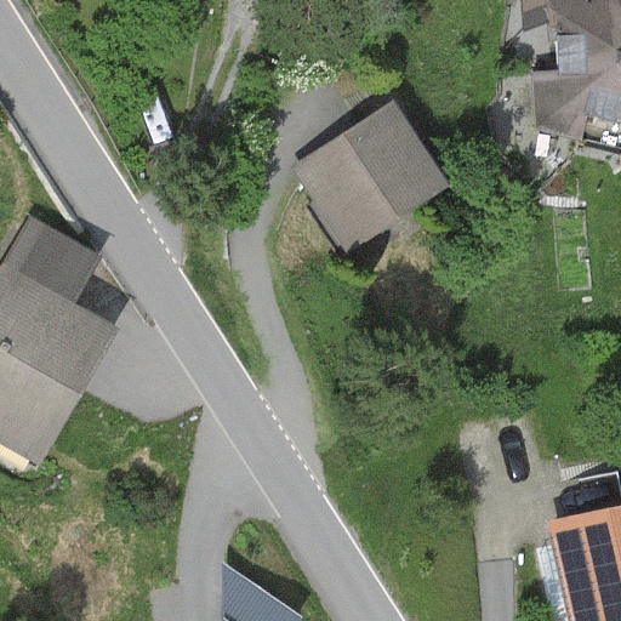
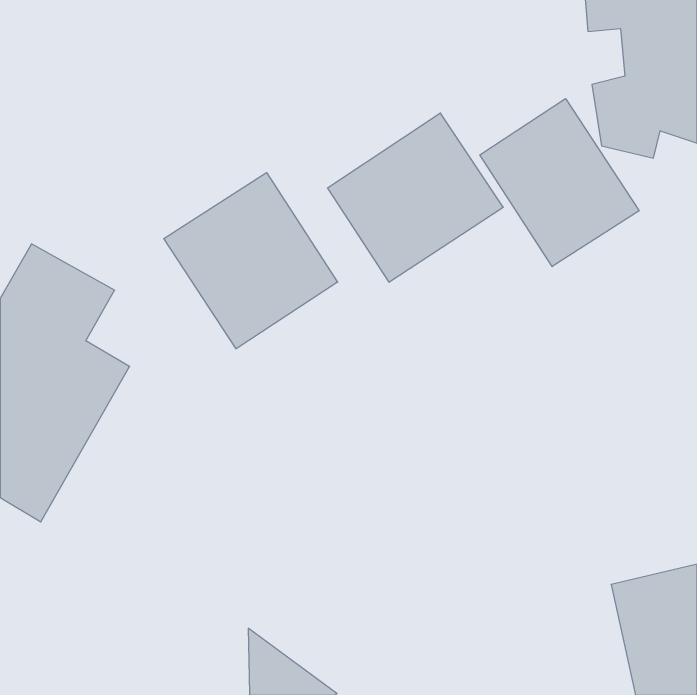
building: none -> [480,99,639,267]
building: none -> [164,173,338,349]

